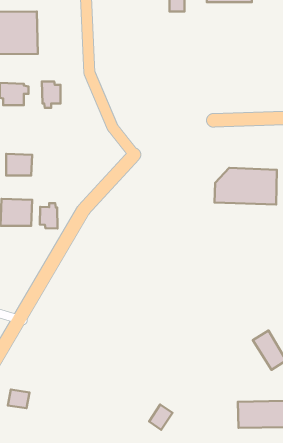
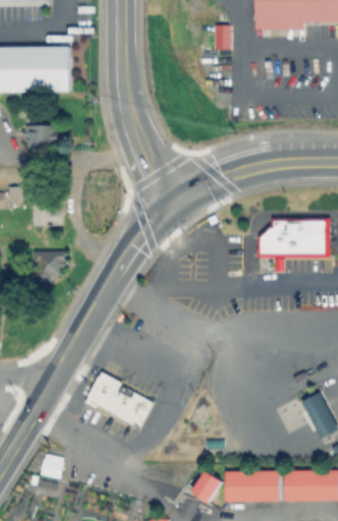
building: [42,82,60,108] -> none
building: [40,203,57,228] -> none
building: none -> [89,372,155,428]
building: none -> [228,471,280,501]

